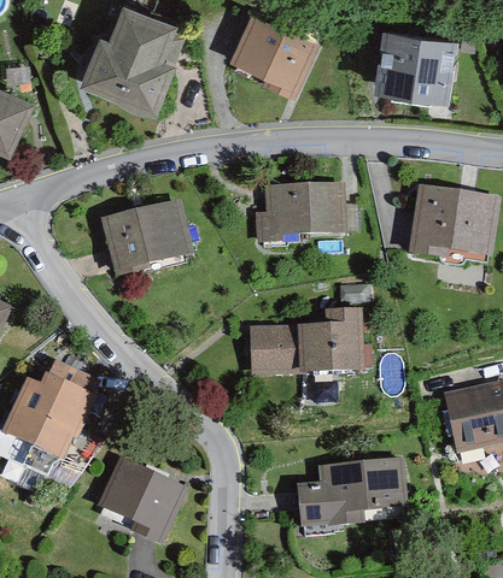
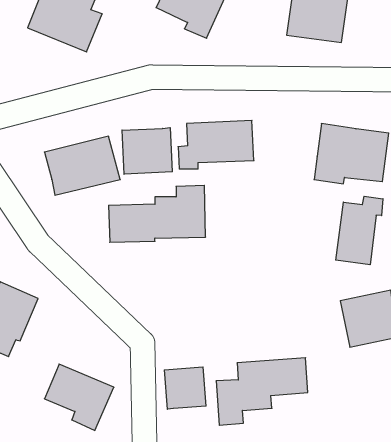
building: none -> [122,128,172,174]
building: none -> [336,196,383,265]
building: [252,308,363,373] -> [109,185,206,242]
building: none -> [164,367,206,409]

